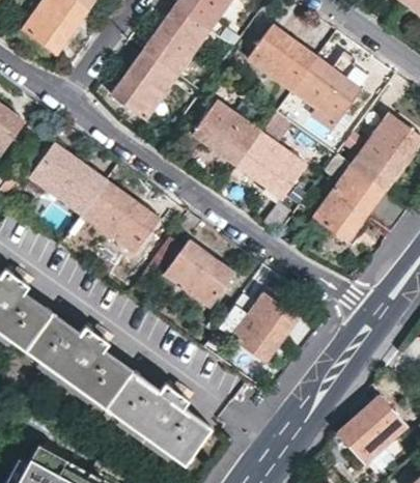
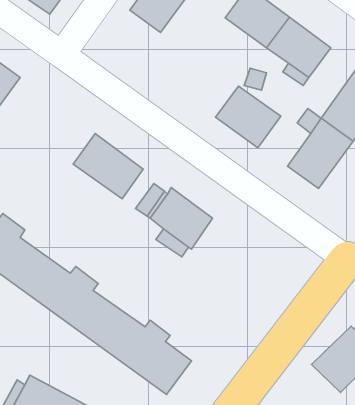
building: [111,50,176,119] -> none
building: [193,101,260,165] -> none
building: [29,144,106,216] -> none
building: [231,292,297,361] -> none

